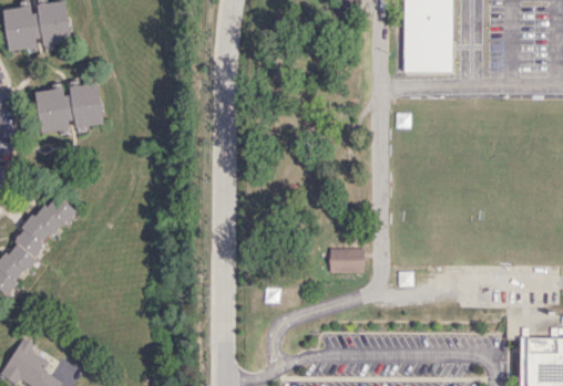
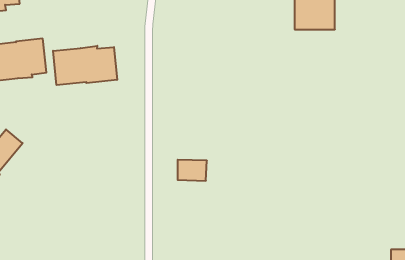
building: none -> [53,46,117,85]
building: [329,248,365,273] -> [178,160,207,181]

